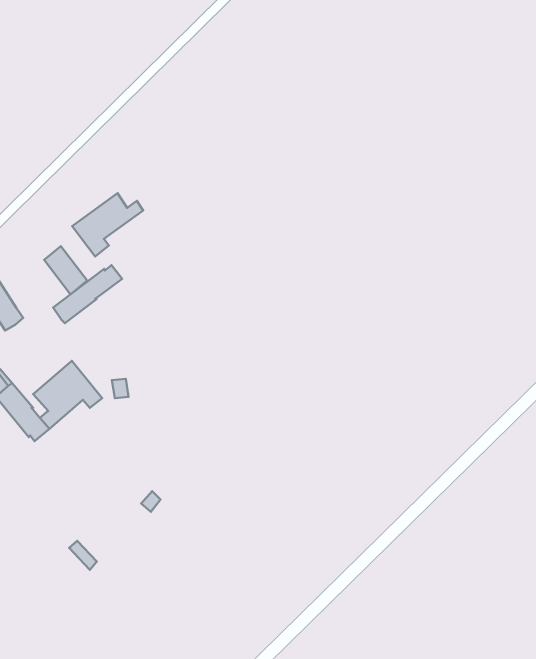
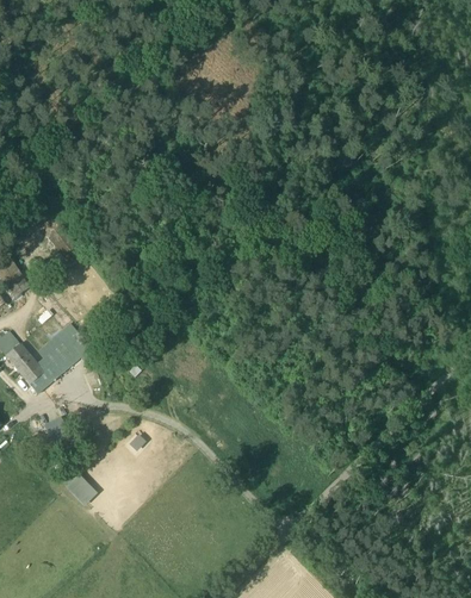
building: [72,193,143,256] -> none
building: [53,265,122,323] -> none

